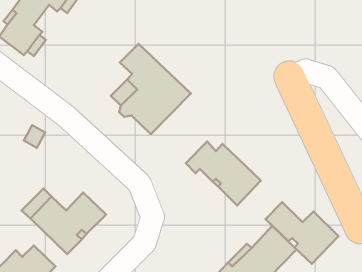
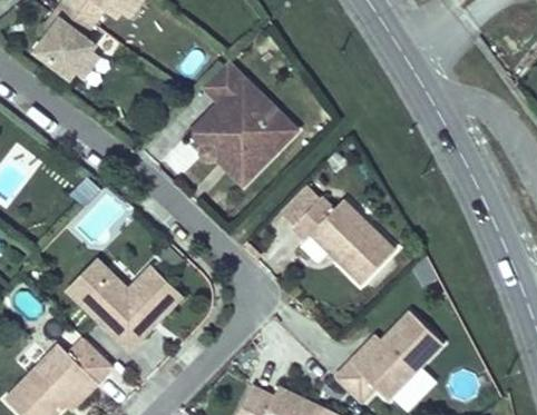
building: [266,202,338,264] -> none

